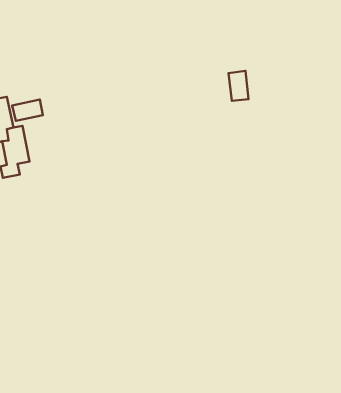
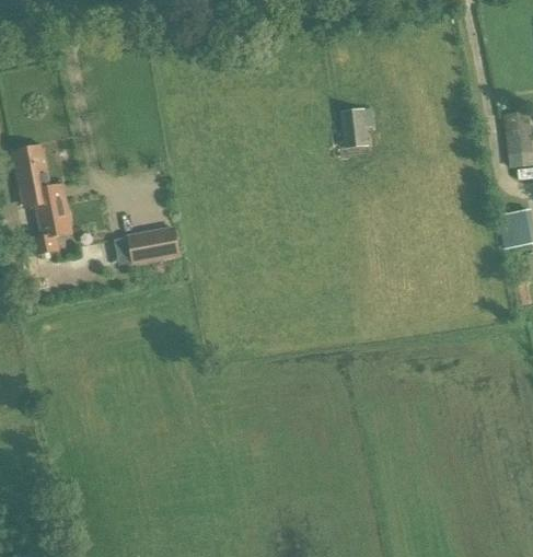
building: [12,100,43,121] -> none
building: none -> [127,225,181,266]

